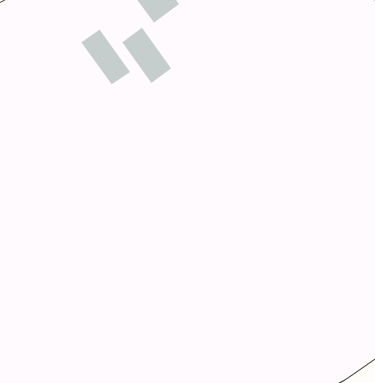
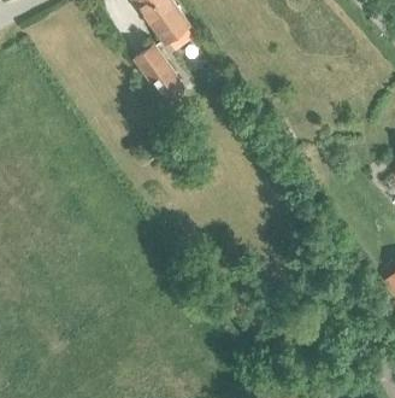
building: [80,29,131,85] -> none

